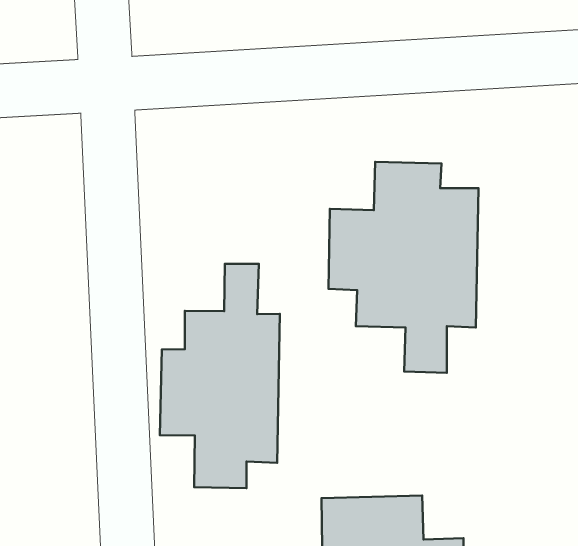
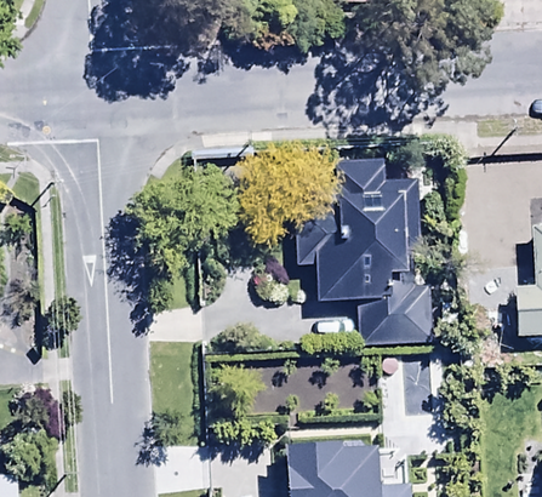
building: [160,264,280,488] -> none

